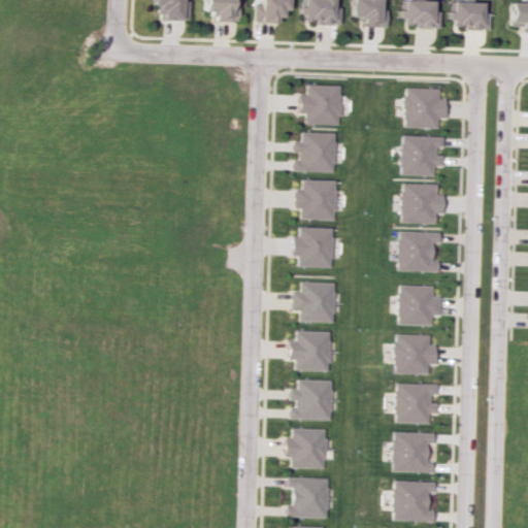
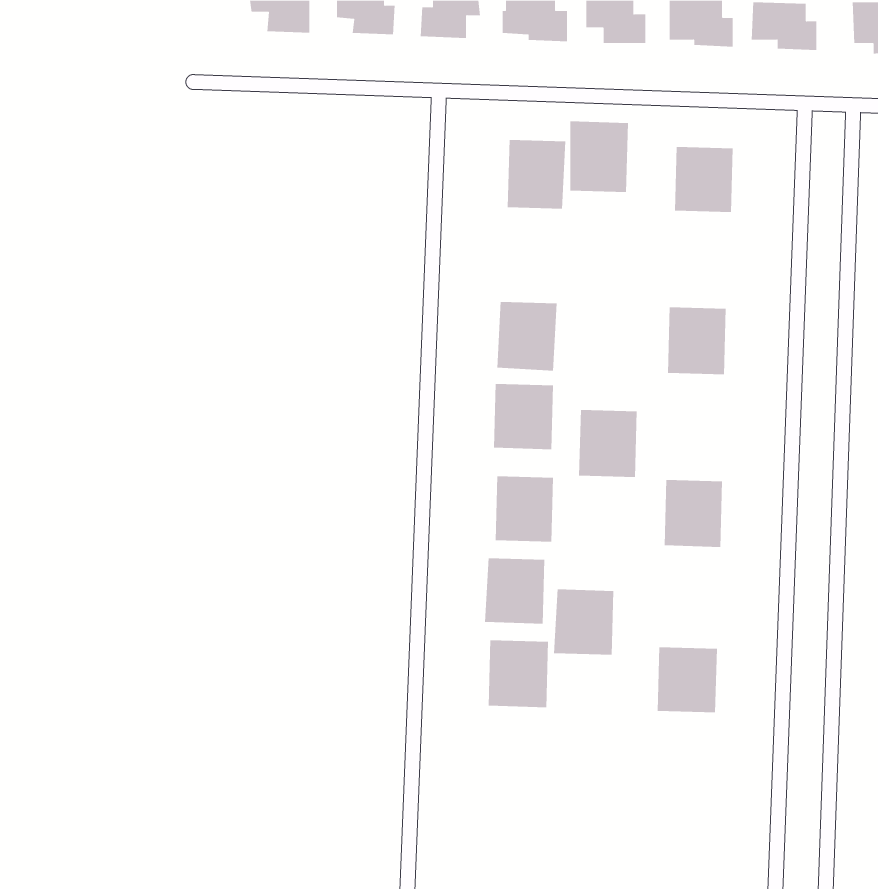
building: [303,130,338,172] -> [569,121,629,192]
building: [403,134,439,174] -> none
building: [400,231,435,271] -> [578,410,637,478]
building: [395,335,431,374] -> [553,589,614,655]
building: [290,428,326,468] -> none
building: [394,433,429,473] -> none
building: [293,478,329,518] -> none
building: [394,481,430,521] -> none

